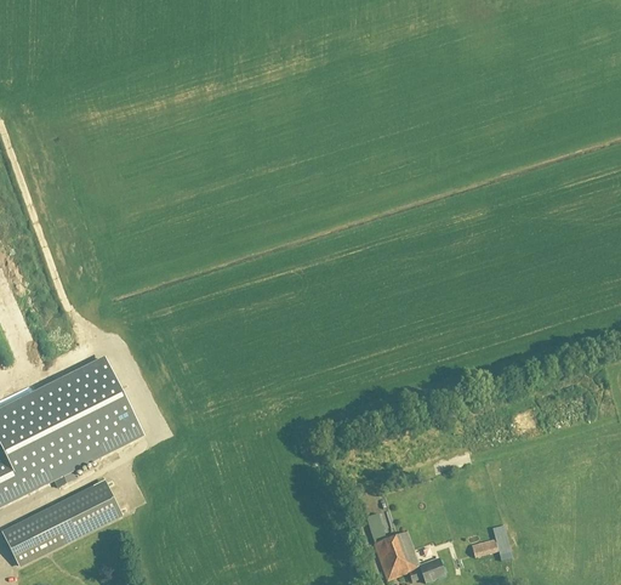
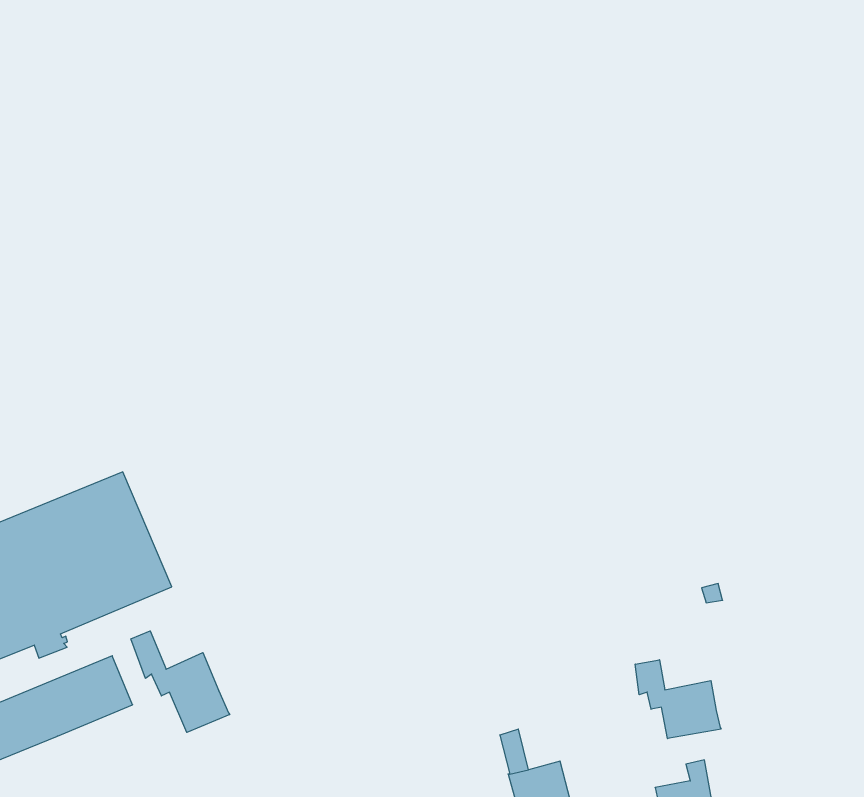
building: none -> [635,660,721,739]
building: none -> [131,631,230,732]

